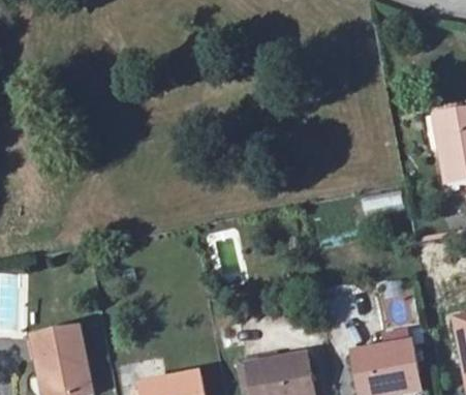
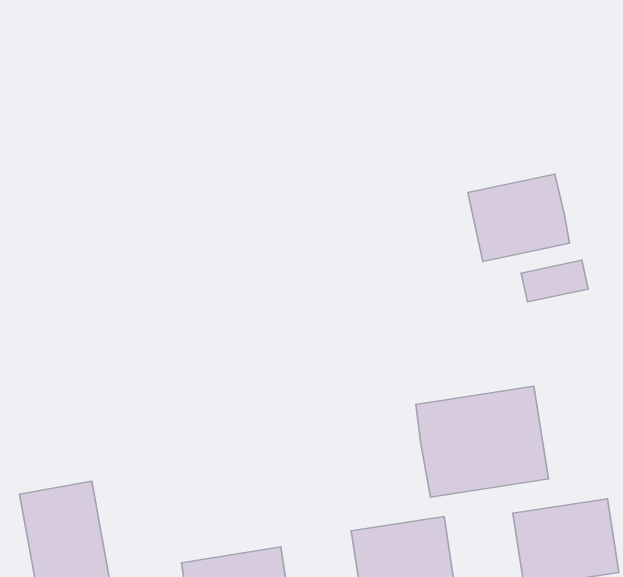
building: none -> [468,174,570,261]
building: none -> [416,386,549,497]

